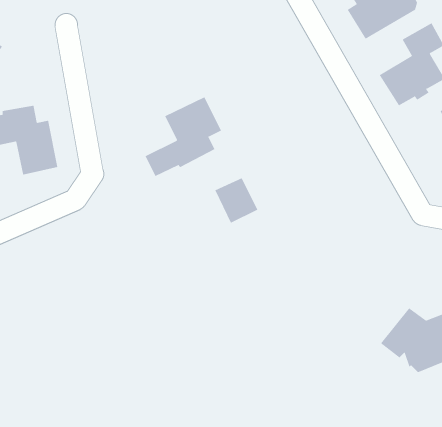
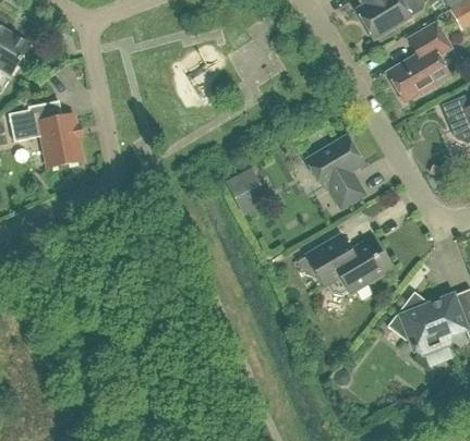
building: [145,97,222,177] -> none
building: none -> [306,136,364,208]
building: none -> [305,234,393,295]

